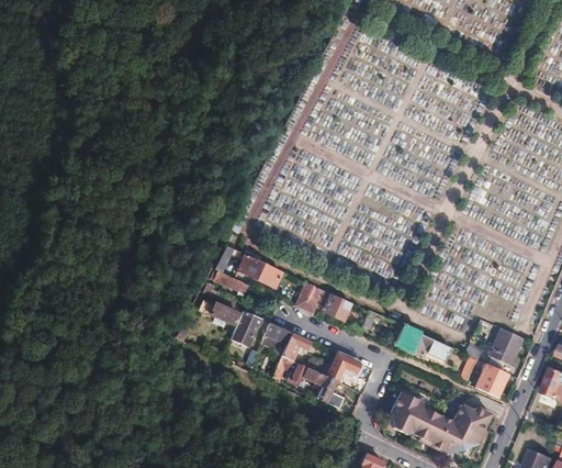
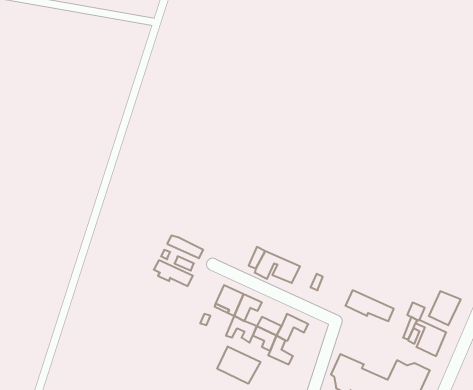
building: [215,246,282,286] -> none
building: [233,310,262,344] -> none
building: none -> [217,346,260,384]

